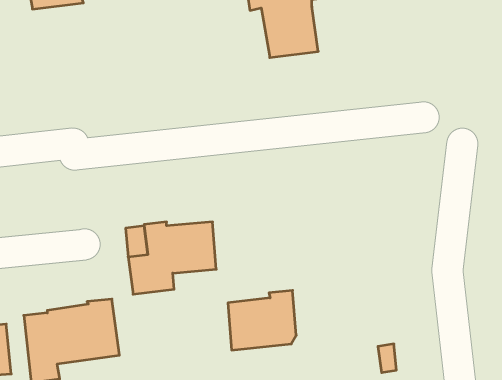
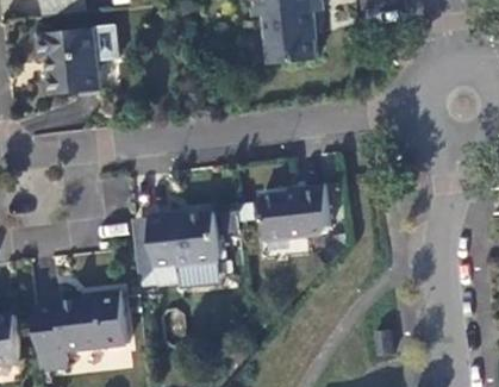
building: none -> [35,23,116,90]
building: [228,290,296,350] -> [262,183,328,241]

